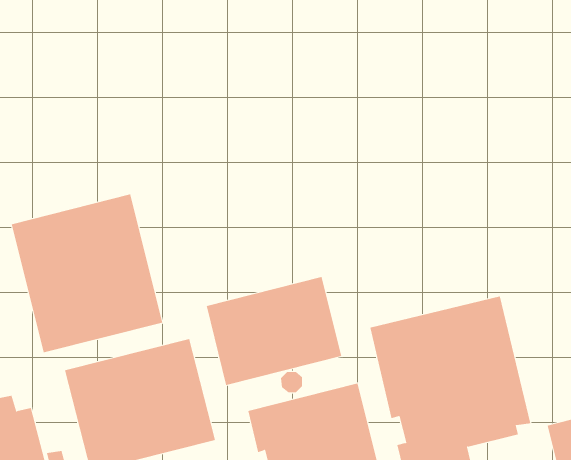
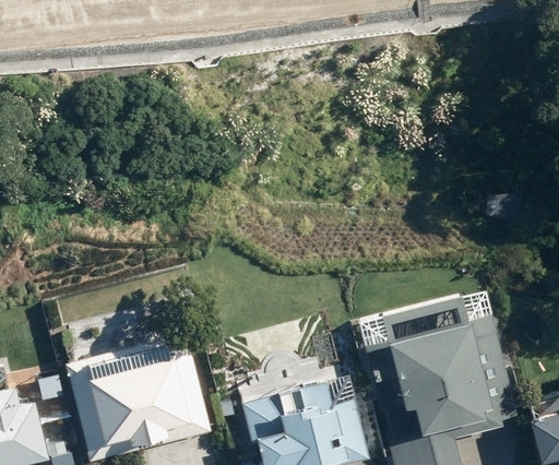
building: [11,194,163,353] -> none
building: [206,276,342,386] -> none

